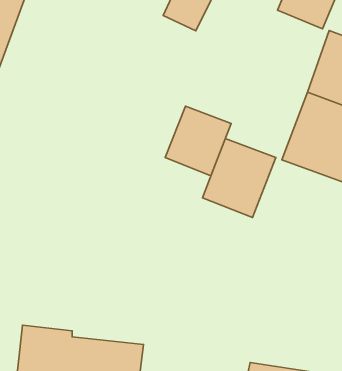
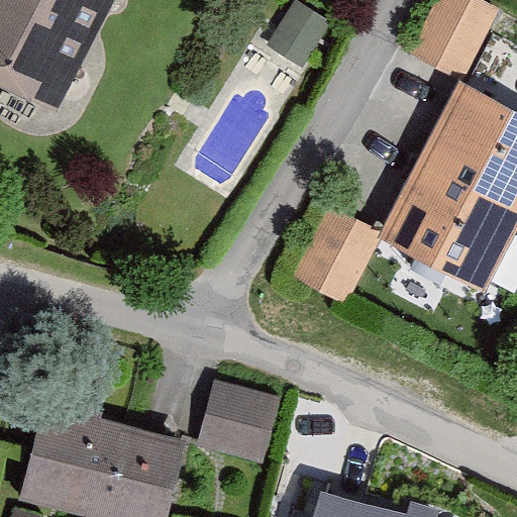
building: [165,106,231,176] -> none
building: none -> [196,379,280,461]

